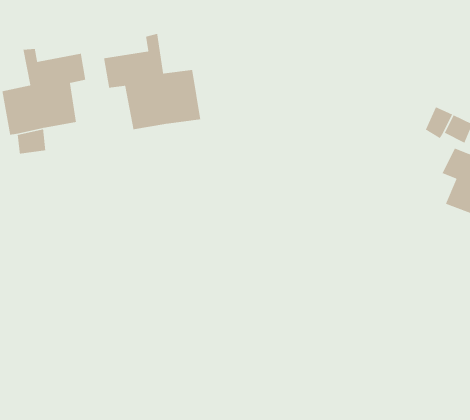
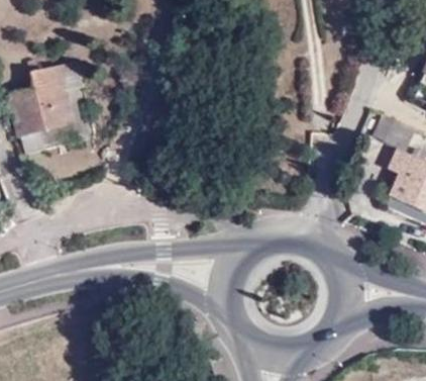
building: [103,33,201,130] -> none

